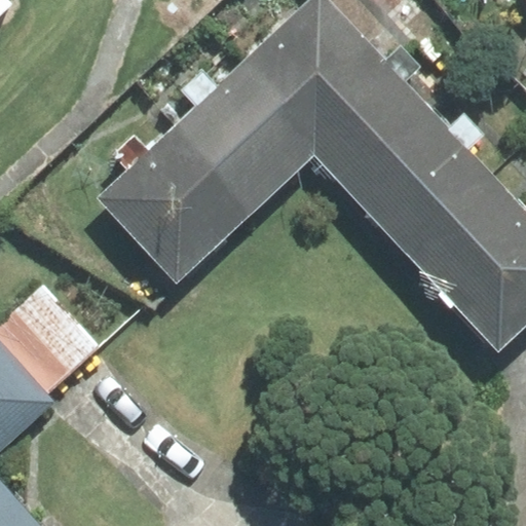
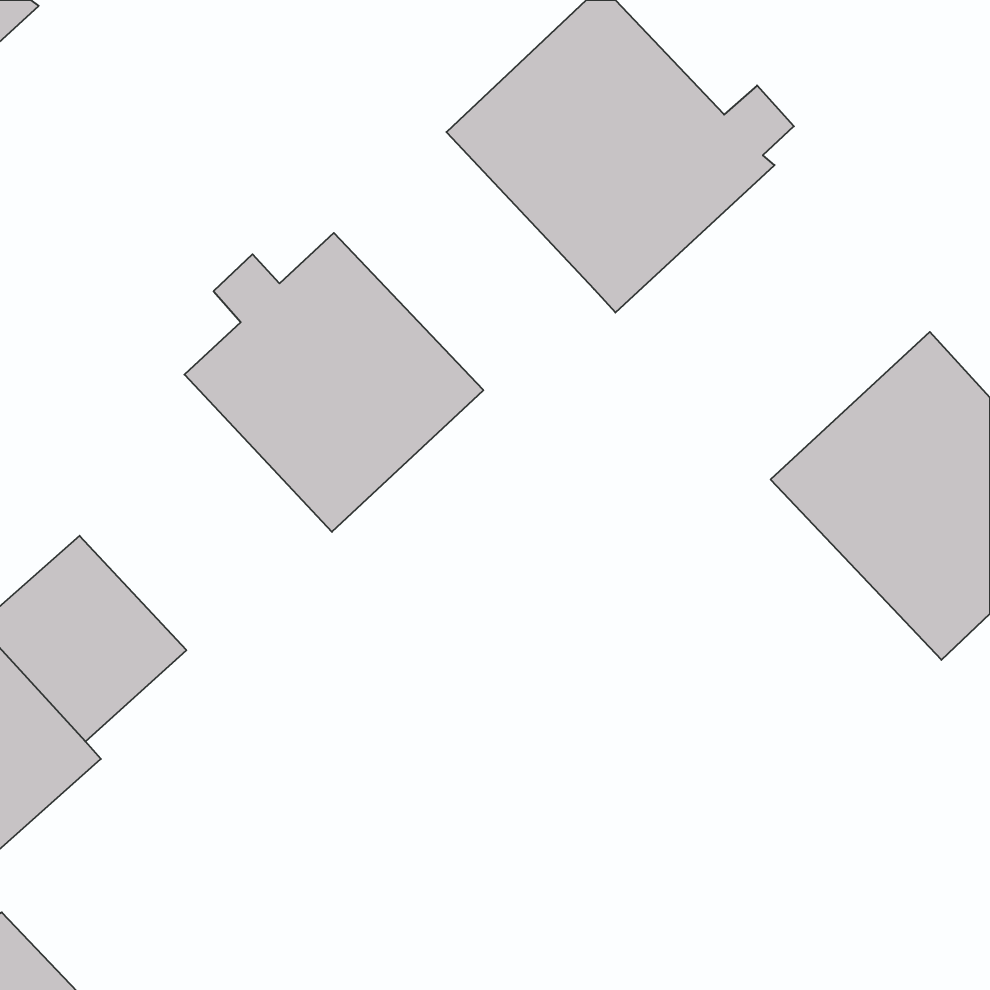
building: [177,70,314,208] -> none
building: [326,88,492,255] -> none

